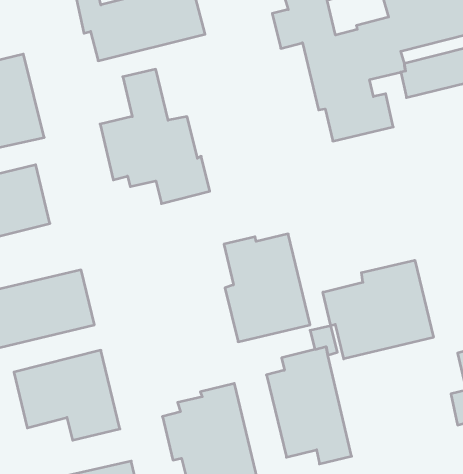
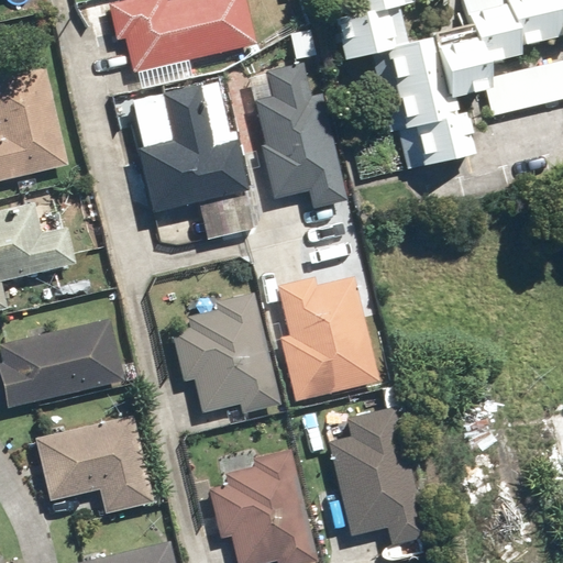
building: none -> [251,58,350,221]
building: none -> [169,294,282,413]
building: [323,260,433,359] -> none

